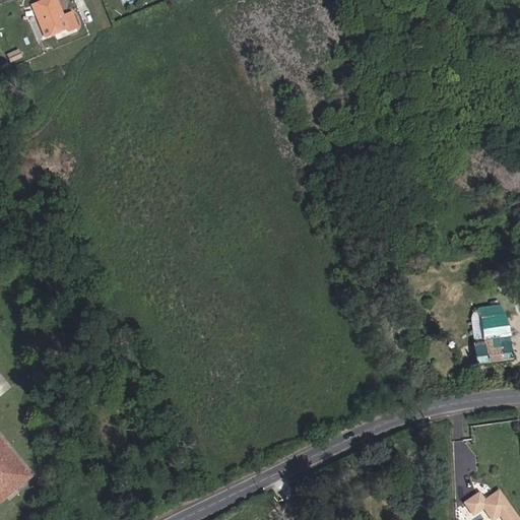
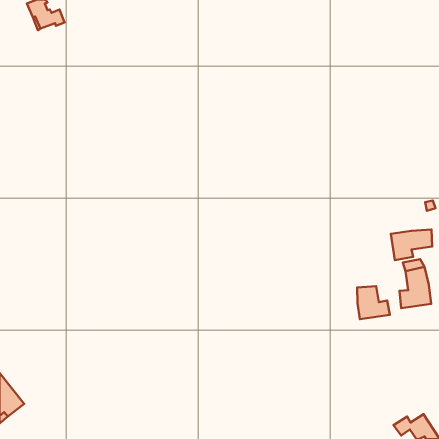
building: none -> [391,229,432,260]
building: none -> [357,286,390,319]

